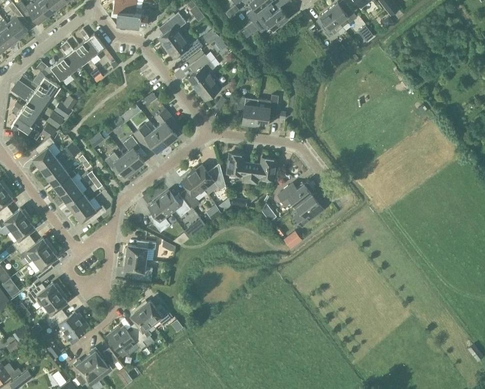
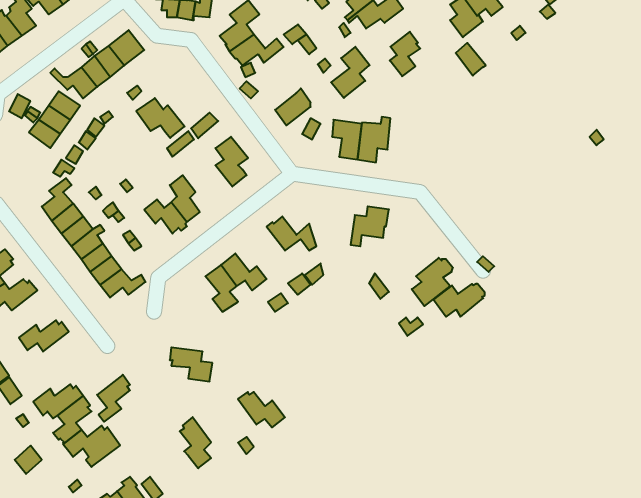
building: none -> [390,32,420,76]
building: [187,54,214,90] -> [331,47,370,98]
building: [12,106,38,135] -> none
building: [132,124,166,152] -> [136,98,185,138]
building: [227,154,252,185] -> none
building: [181,172,203,209] -> none
building: [276,184,312,207] -> [433,284,485,317]
building: [11,217,34,250] -> none
building: [123,241,155,260] -> none
building: [33,246,56,279] -> [97,375,130,422]
building: [138,301,171,326] -> [238,392,285,427]
building: [106,327,145,357] -> none

